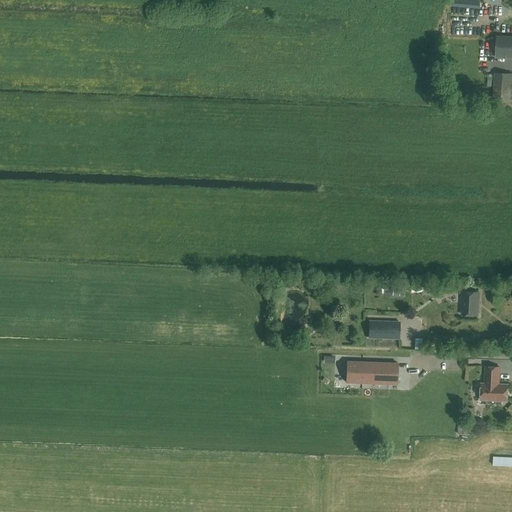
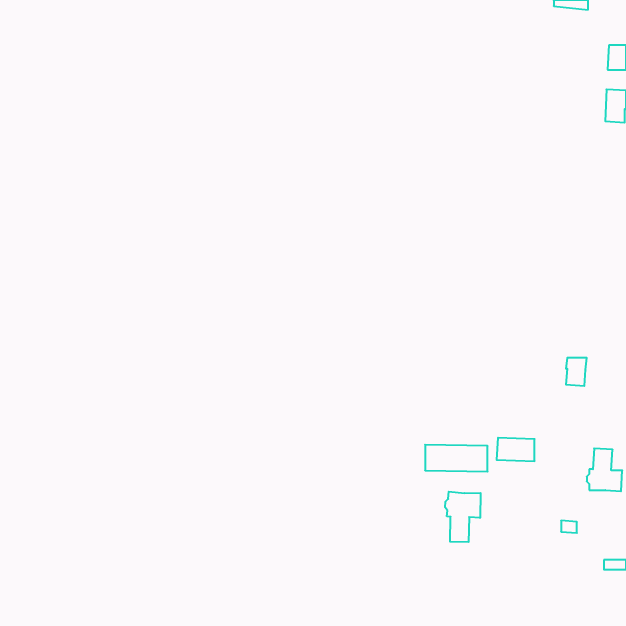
building: [368,320,399,339] -> [497,438,535,461]
building: none -> [445,492,481,542]

